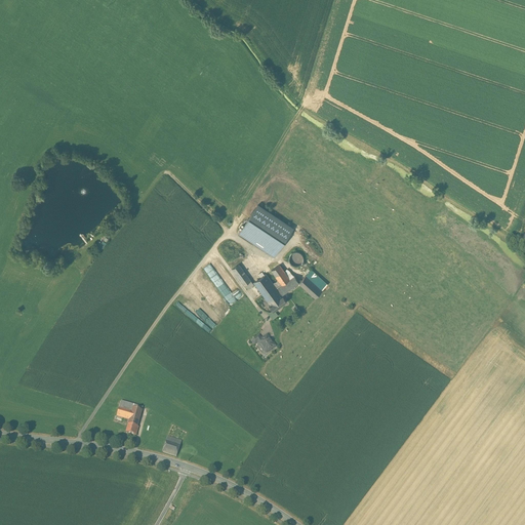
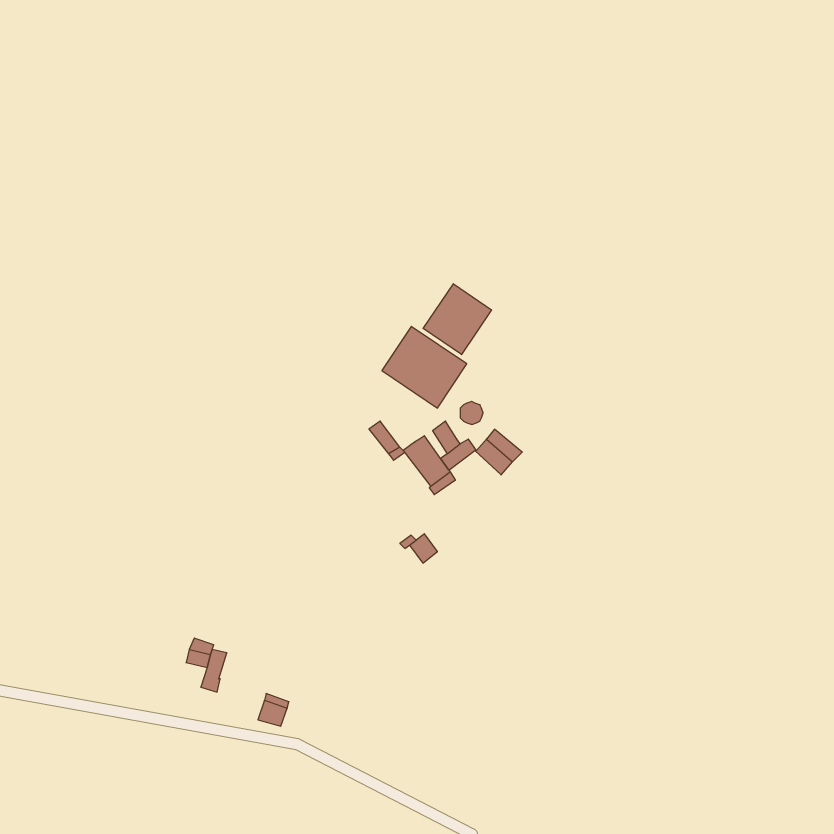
building: none -> [423,284,492,355]

